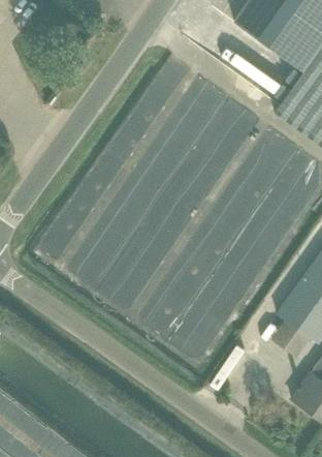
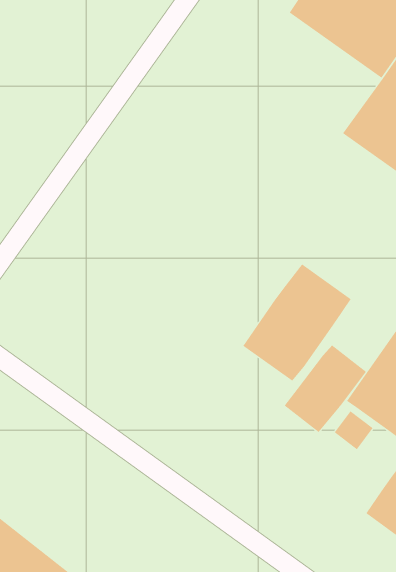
building: none -> [243,263,352,382]
building: none -> [284,344,367,433]

